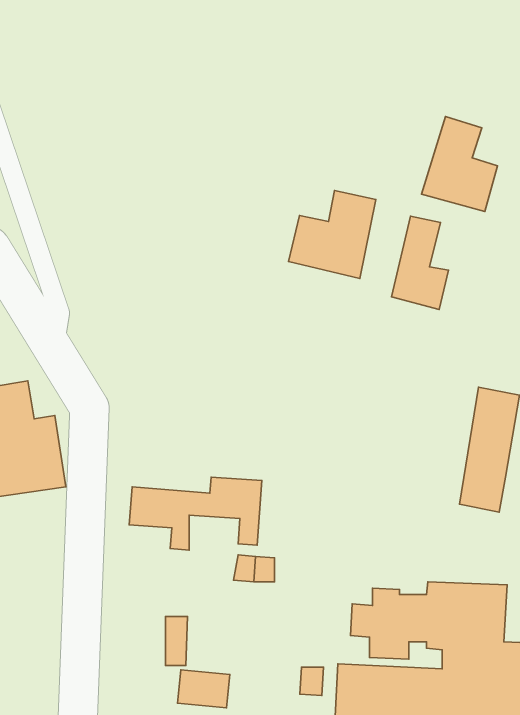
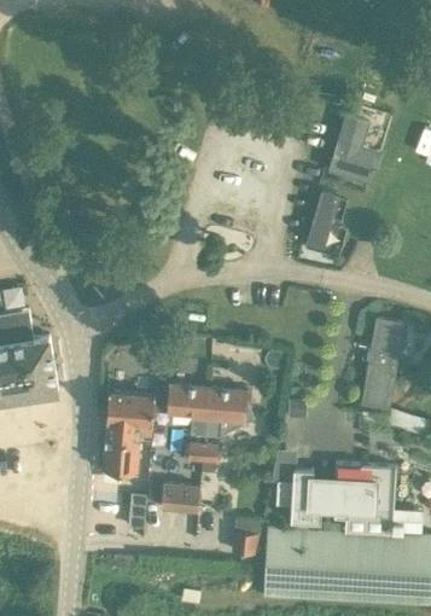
building: [289,191,376,278] -> none
building: none -> [203,388,251,438]
building: none -> [100,422,138,475]
building: [178,670,230,708] -> [159,484,199,513]

